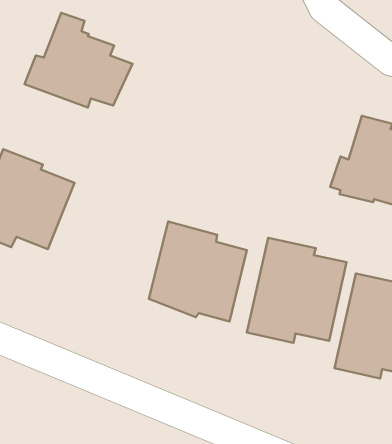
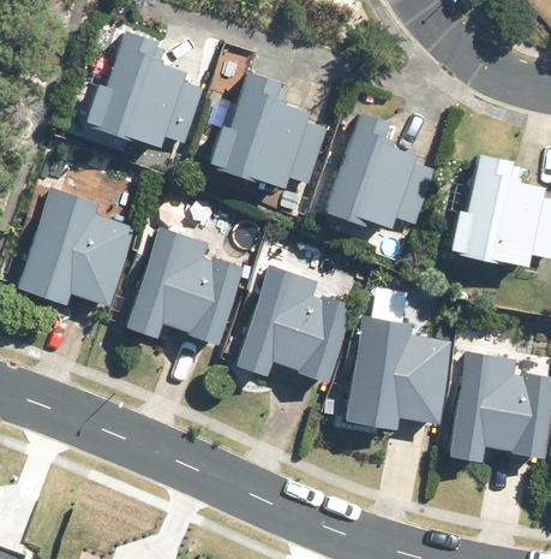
building: none -> [204,73,333,185]
building: none -> [317,113,438,224]
building: none -> [127,231,248,349]

